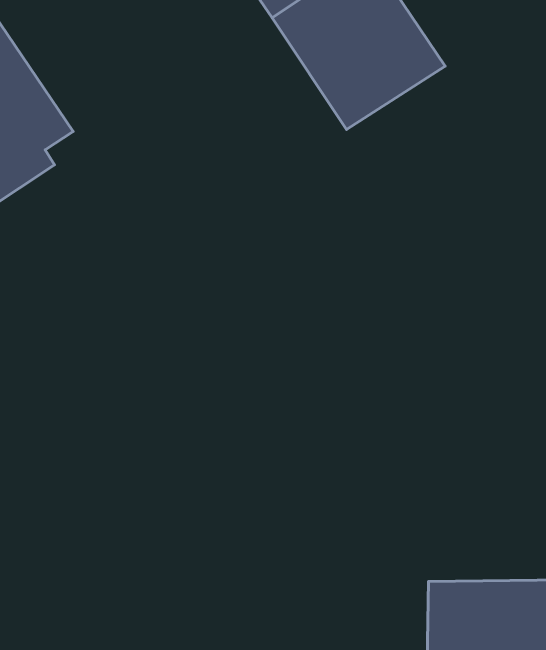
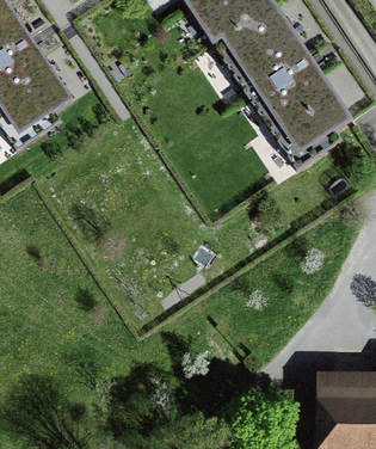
building: none -> [247,54,351,166]

